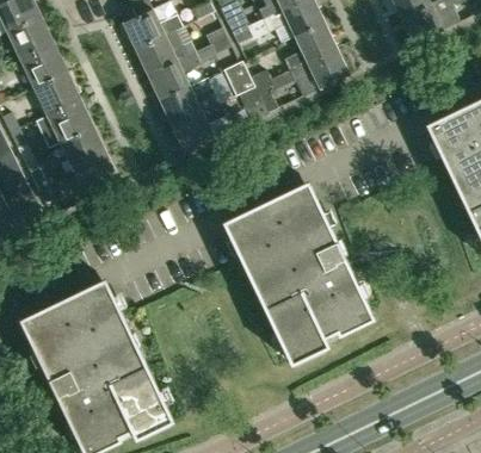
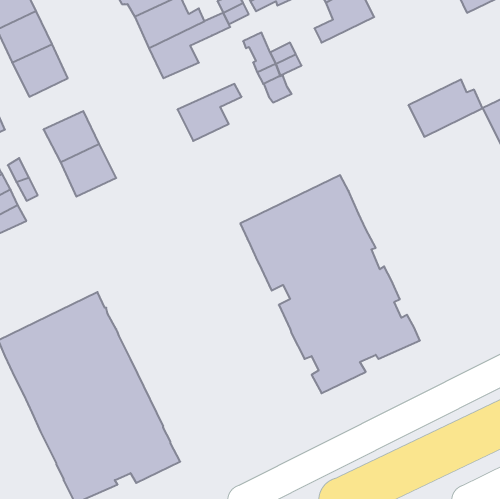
building: [291,48,353,95] -> [408,80,483,137]
building: [155,76,218,125] -> none
building: [36,99,92,147] -> none

